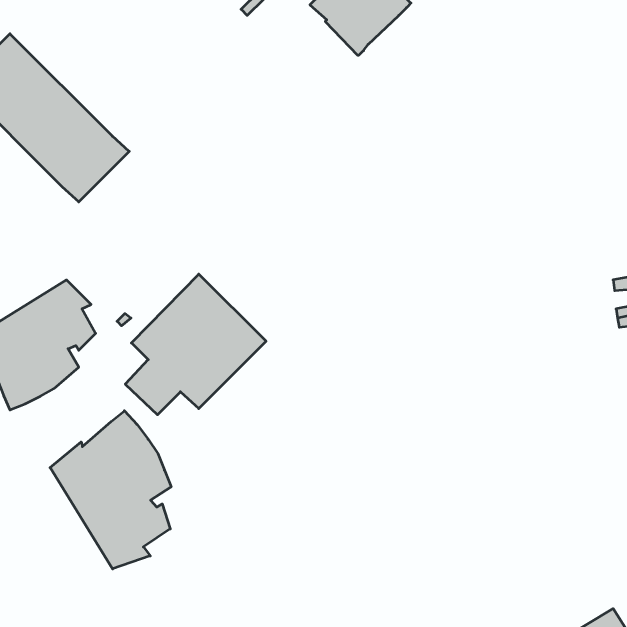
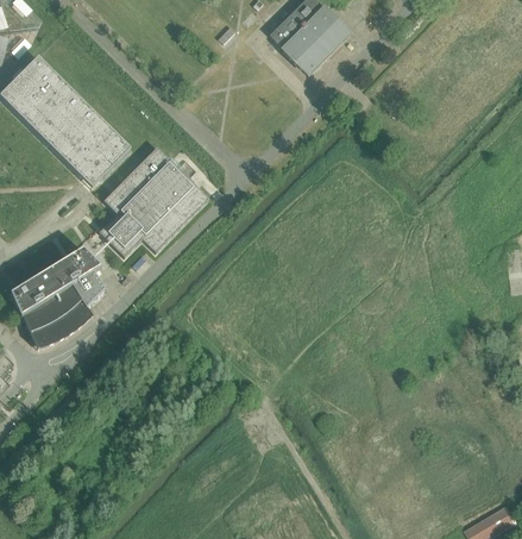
building: [125,274,266,415] -> [100,145,209,255]
building: [50,411,171,569] -> none

